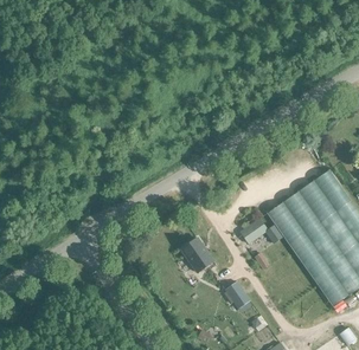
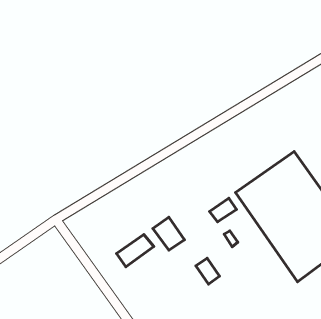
building: none -> [117,235,154,267]

